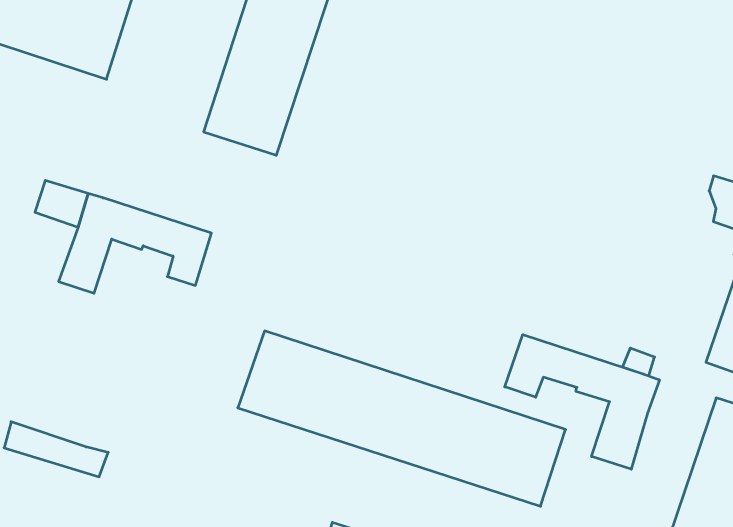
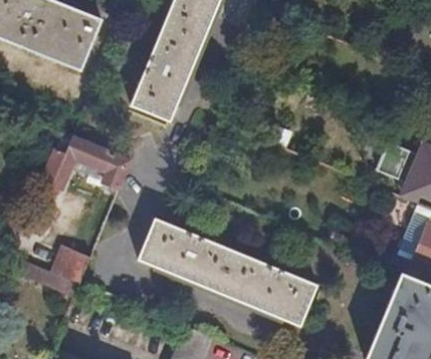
building: [505,335,659,469] -> none
building: none -> [52,249,90,284]

